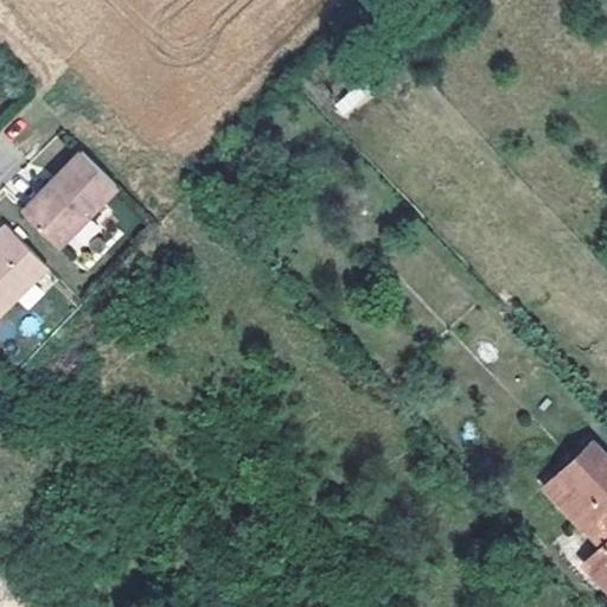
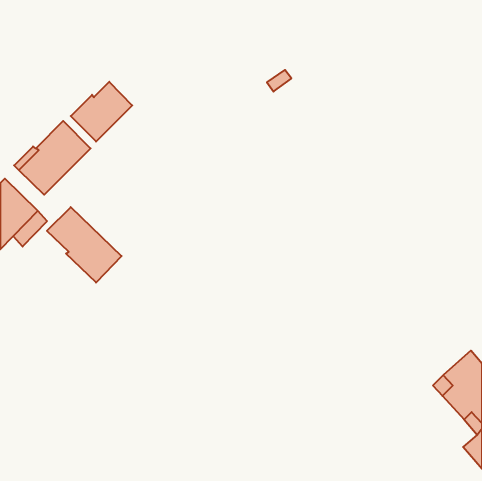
building: none -> [71,82,132,142]
building: none -> [47,207,122,283]

